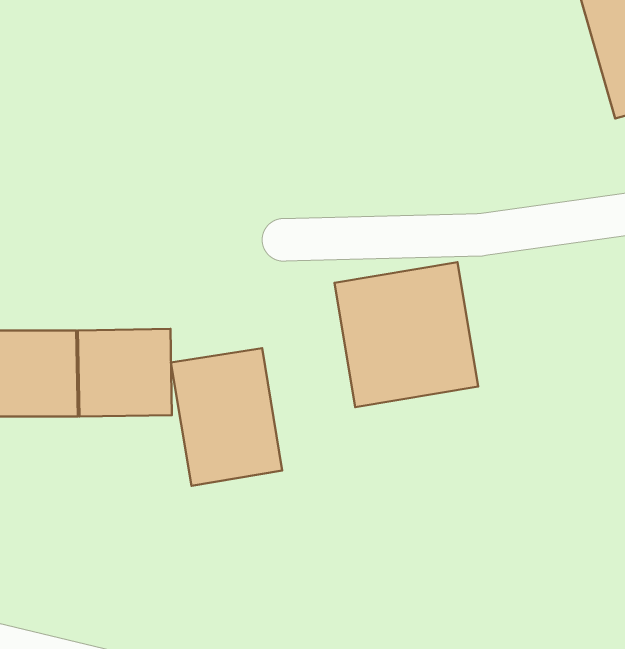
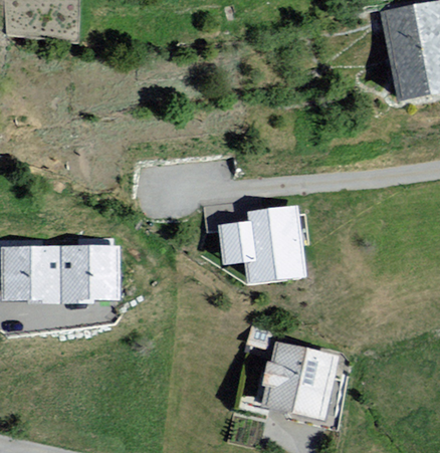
building: [171,348,282,486] -> none
building: none -> [266,342,339,415]

